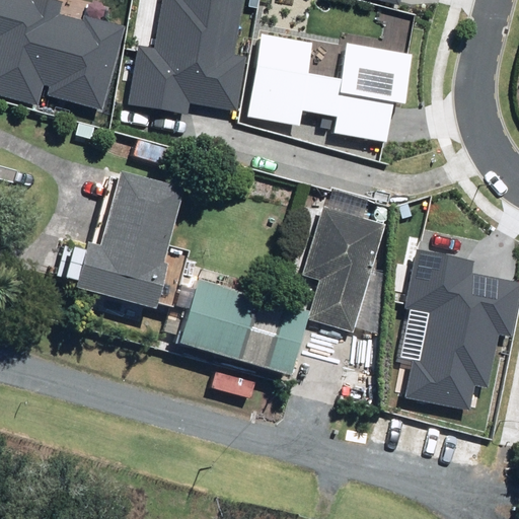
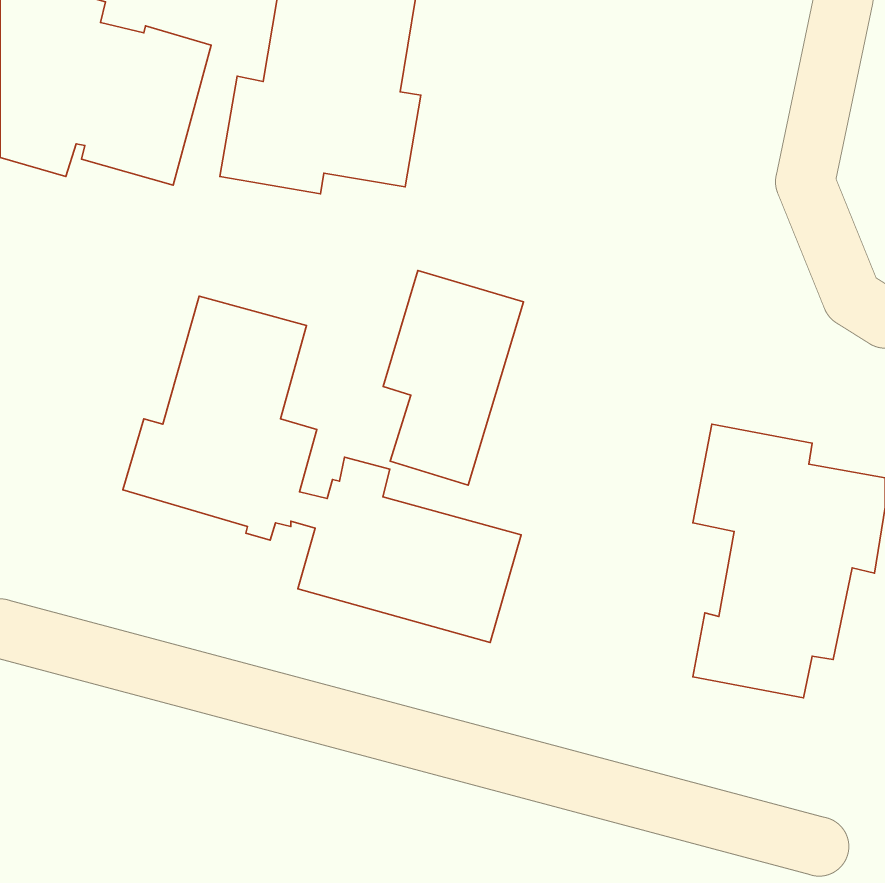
building: [246,31,414,140] -> none
building: [304,207,386,332] -> [383,271,524,485]

